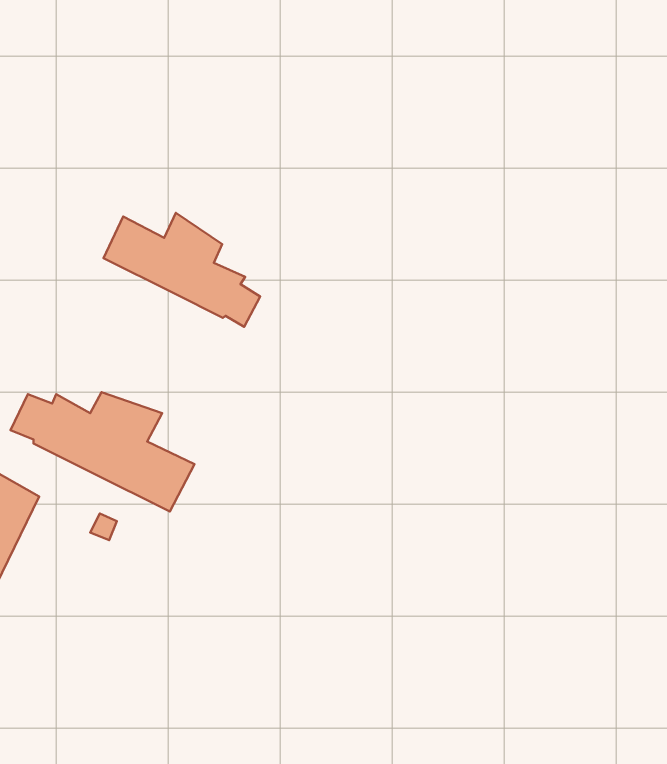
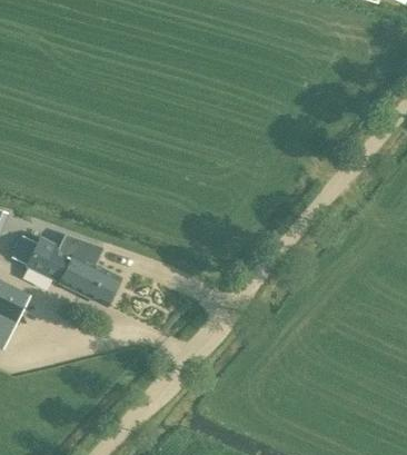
building: [103,213,260,327] -> none

